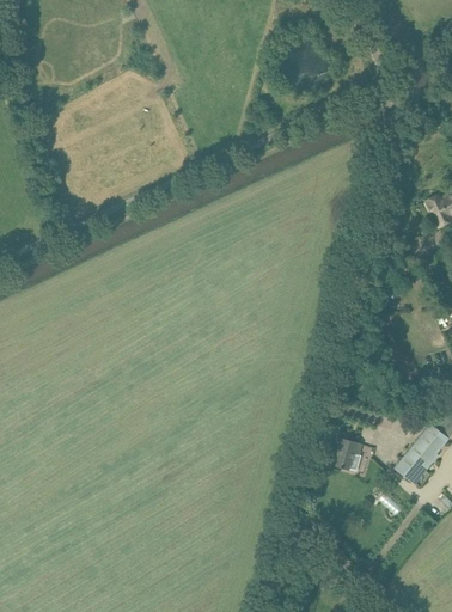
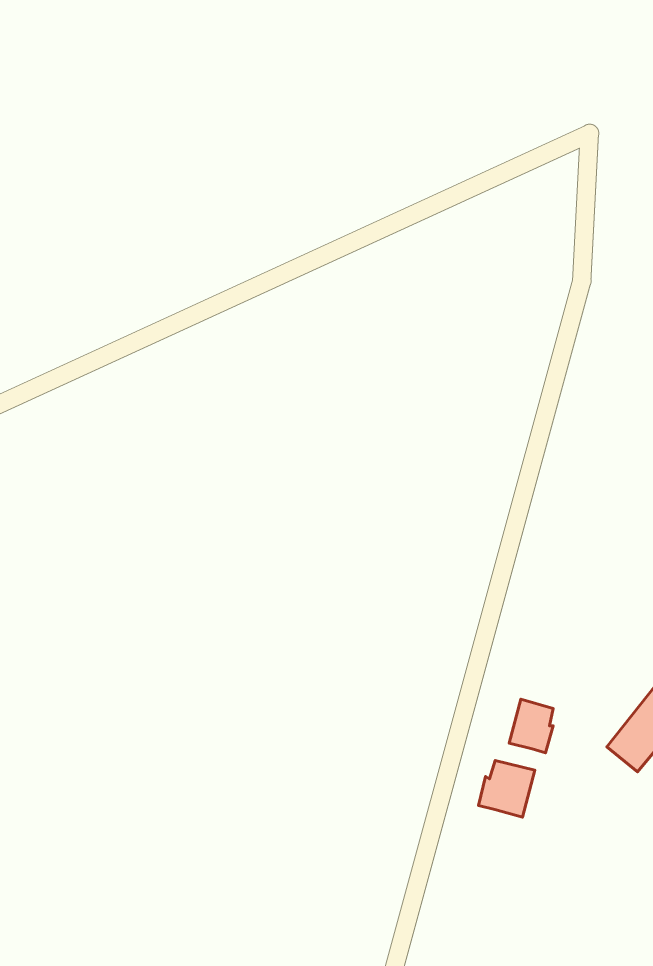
building: none -> [479,761,535,817]

